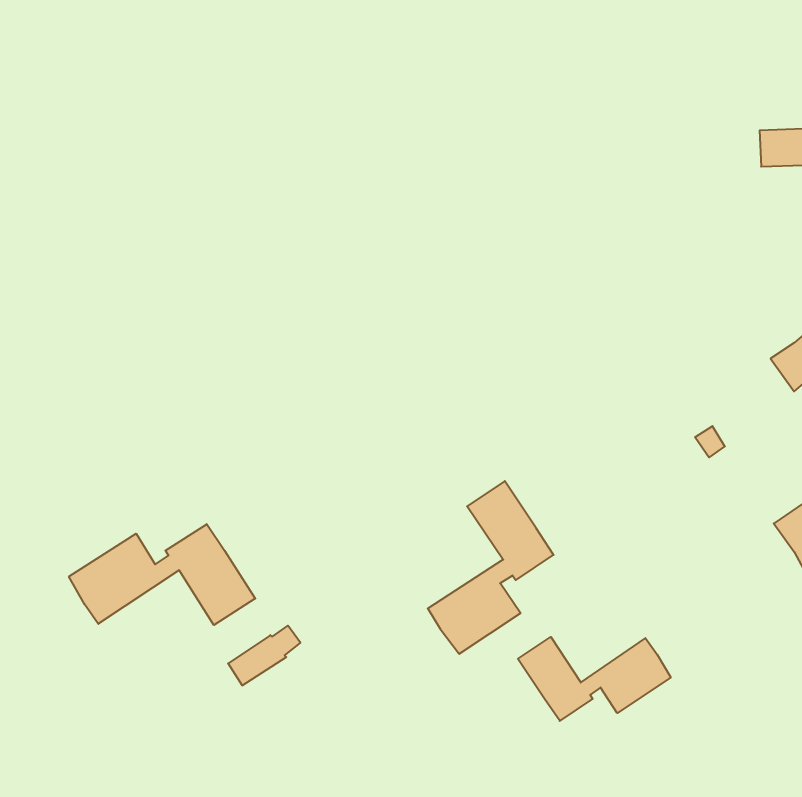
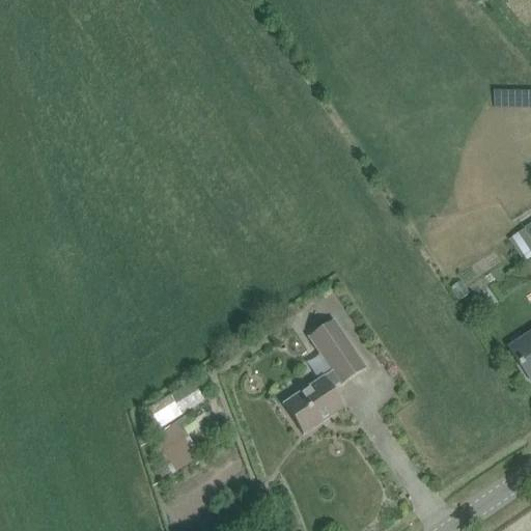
building: [69,524,255,625] -> none
building: [518,637,671,721] -> none

